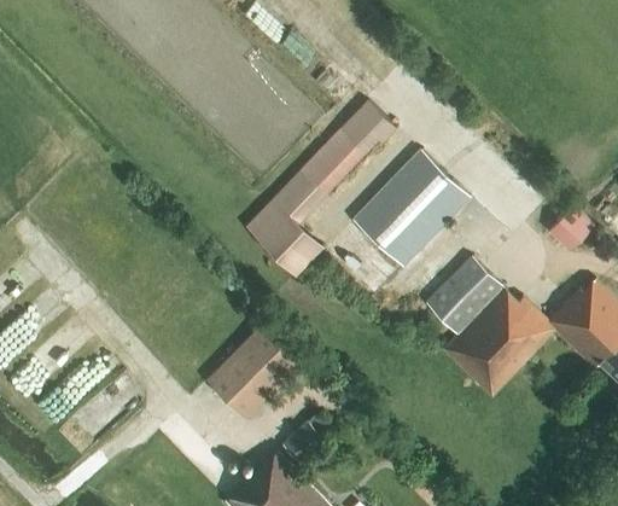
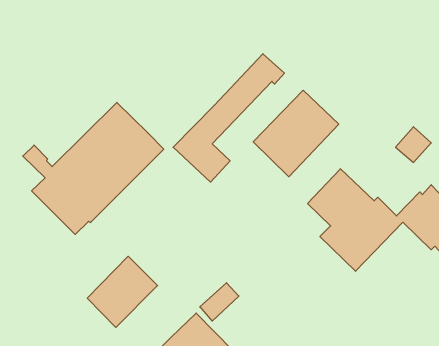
building: none -> [23,102,164,234]
building: [205,322,301,419] -> [87,256,158,327]

